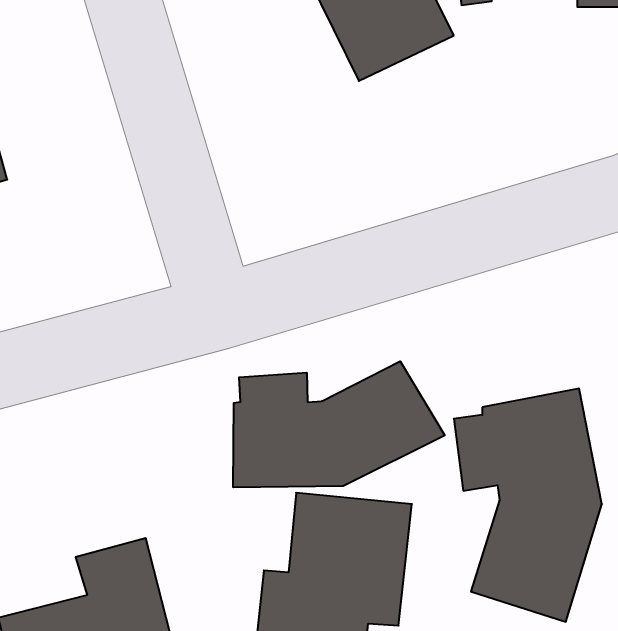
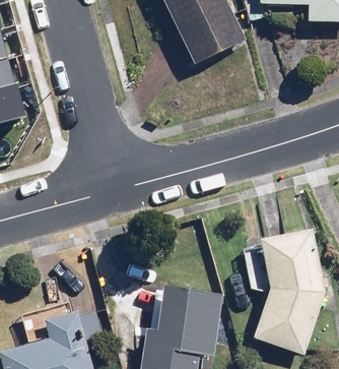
building: [233,361,445,487] -> none

